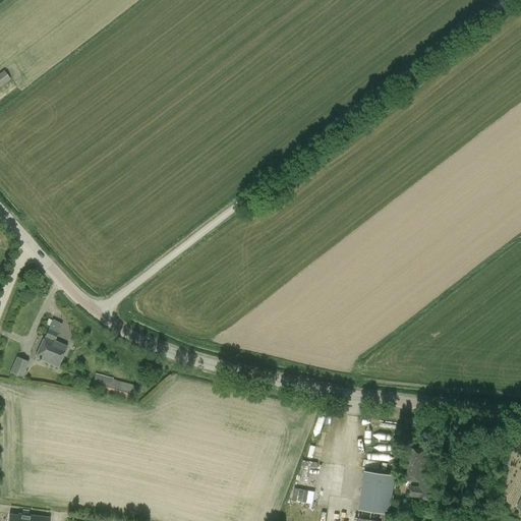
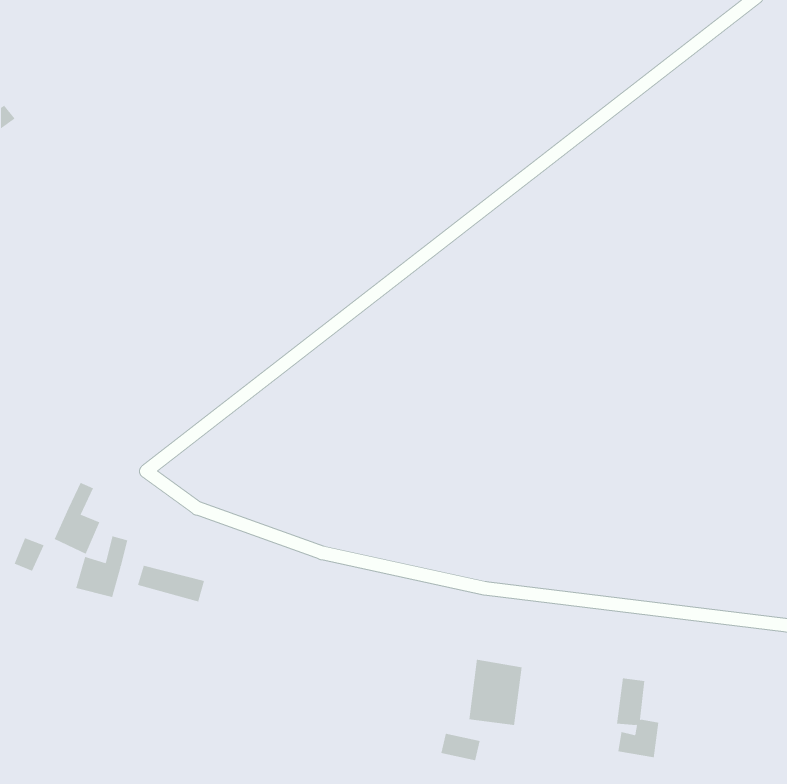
building: none -> [75,536,128,598]
building: [359,469,395,513] -> [469,659,522,726]

